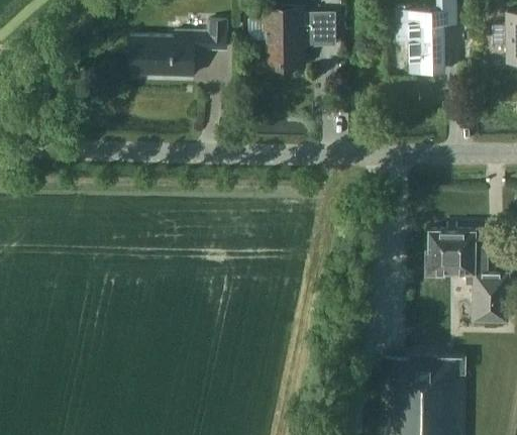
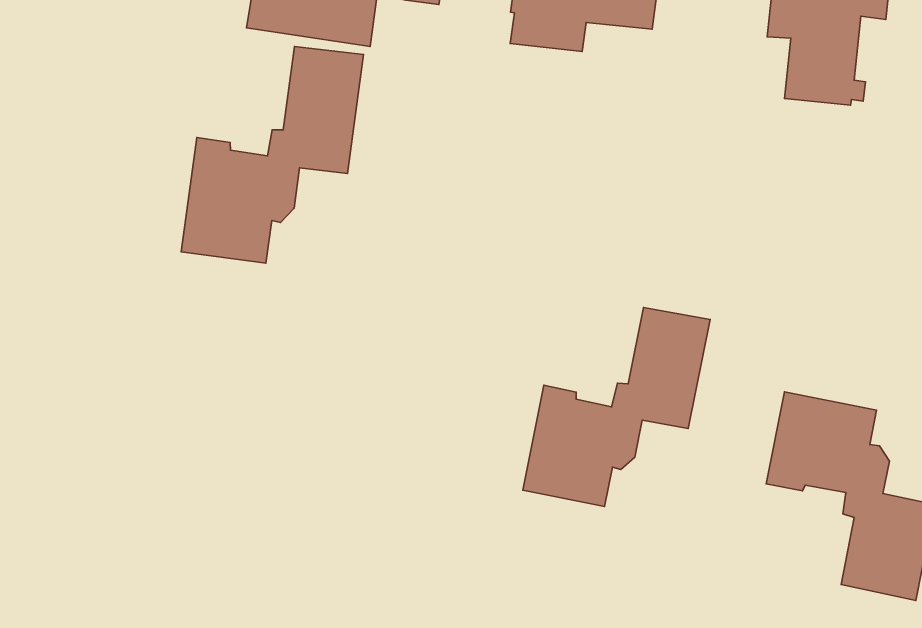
building: none -> [181,47,364,263]
building: none -> [523,307,710,507]

